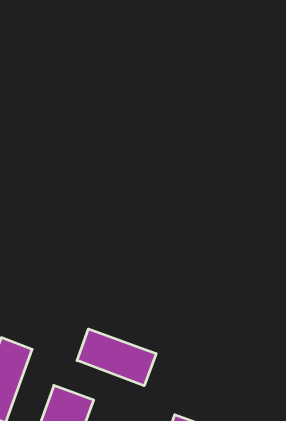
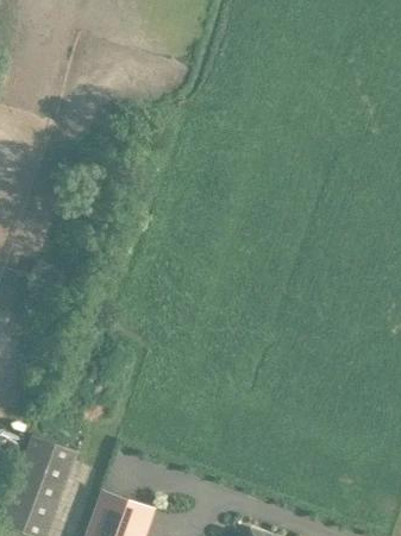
building: [77,329,156,386] -> none

